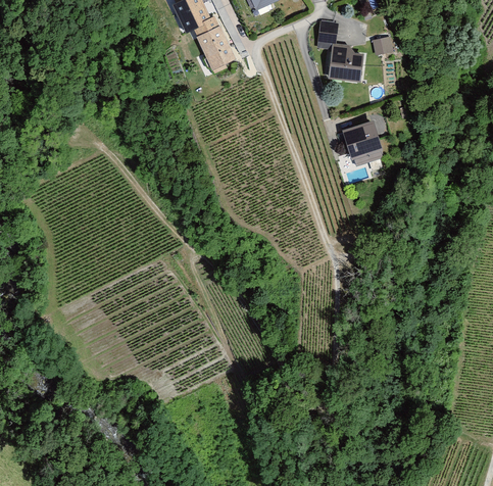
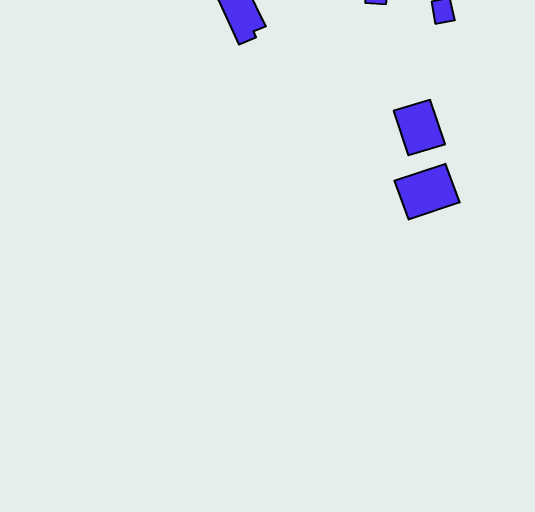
building: [328,42,364,81] -> none
building: none -> [394,164,460,220]

